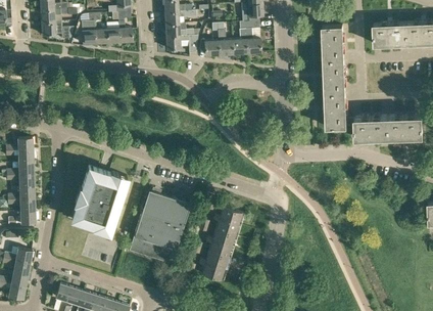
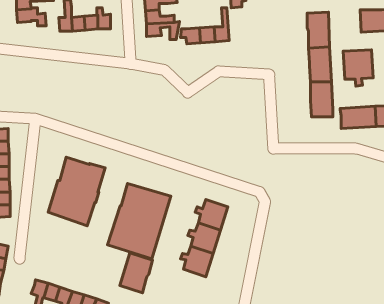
building: [244,20,260,53] -> none
building: none -> [343,50,373,86]
building: none -> [120,253,153,293]

